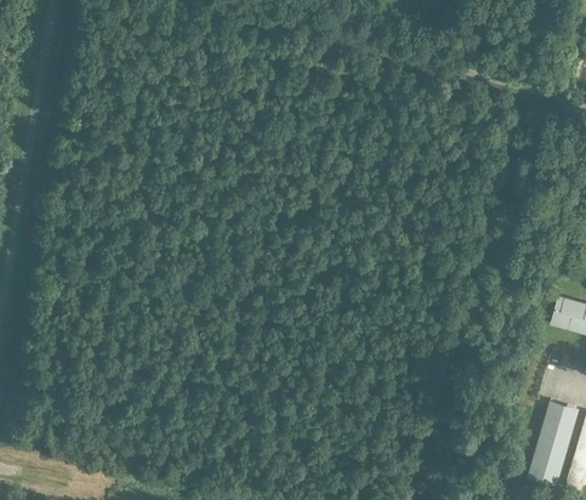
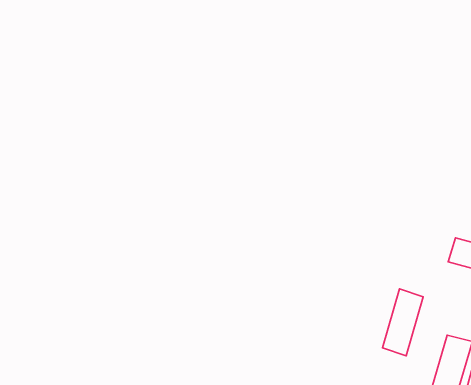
building: none -> [382,289,423,356]

